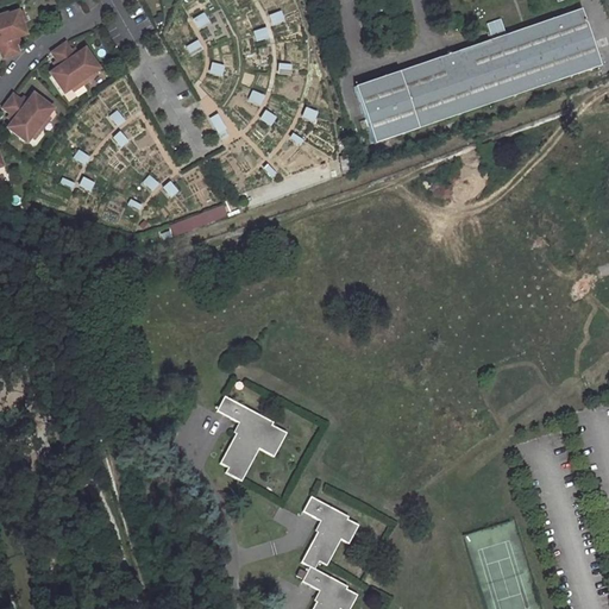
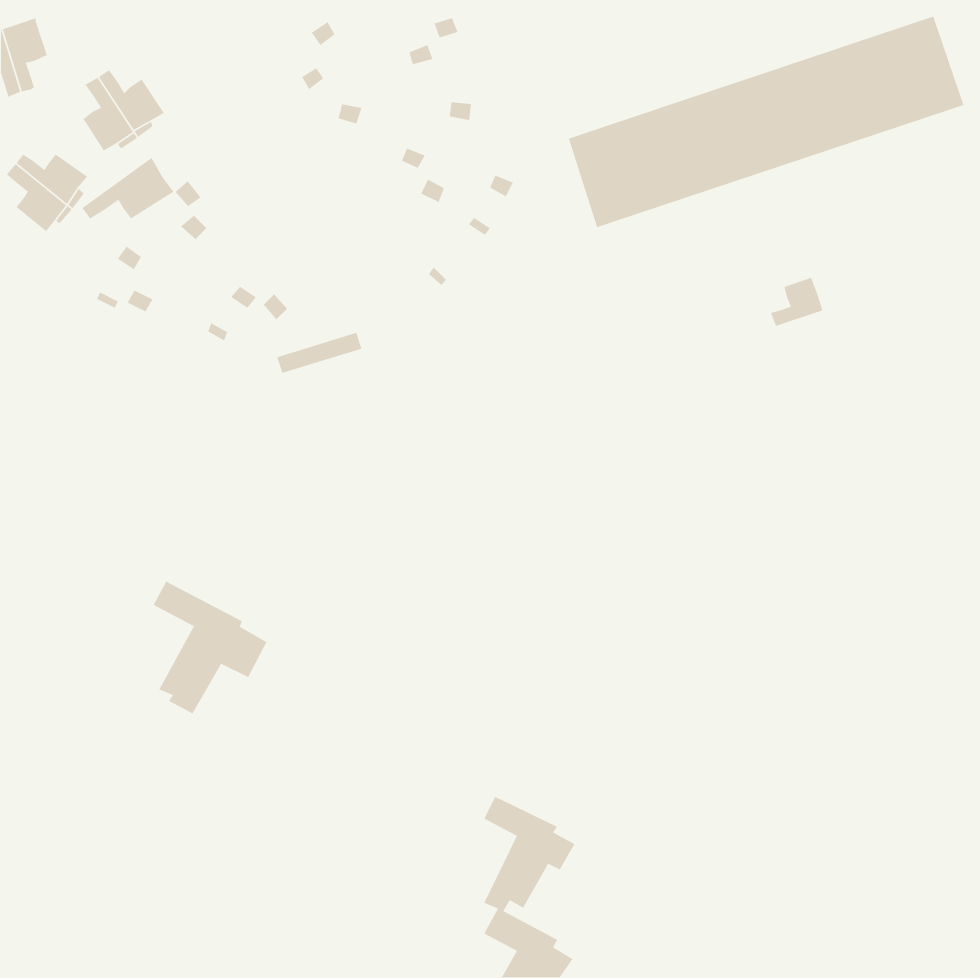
building: none -> [81,157,175,220]
building: none -> [770,277,823,327]
building: [213,387,284,470] -> [153,580,268,715]

